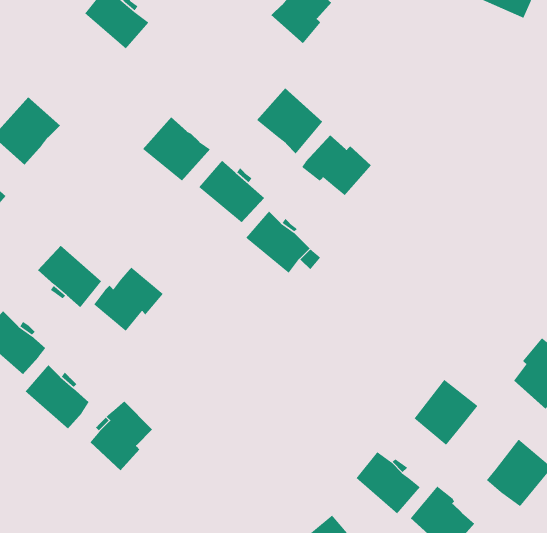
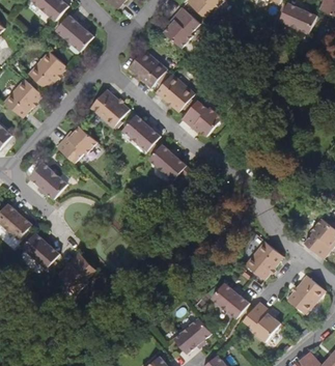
building: none -> [125,49,163,86]
building: none -> [28,51,66,90]
building: [93,267,164,332] -> [56,126,96,164]

